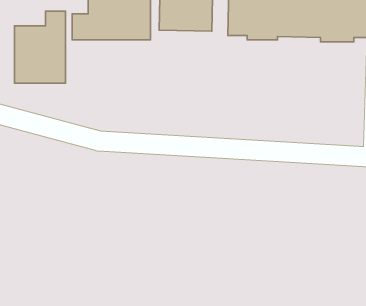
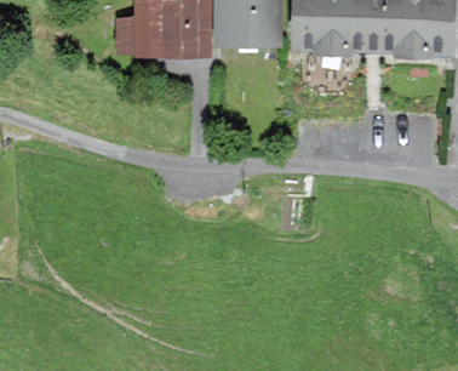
building: [14,11,66,83] -> none

